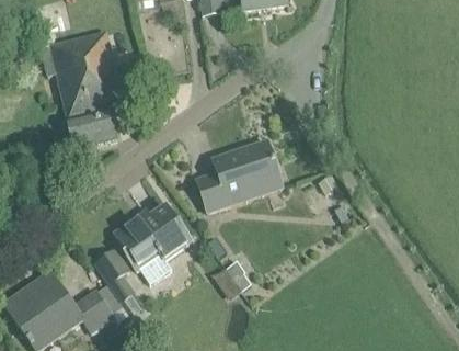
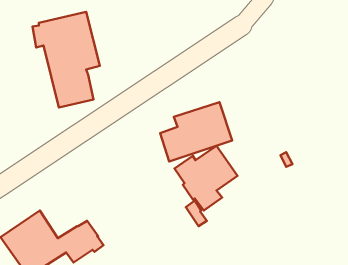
building: [114,205,190,283] -> [175,146,238,210]
building: [93,248,144,317] -> none

